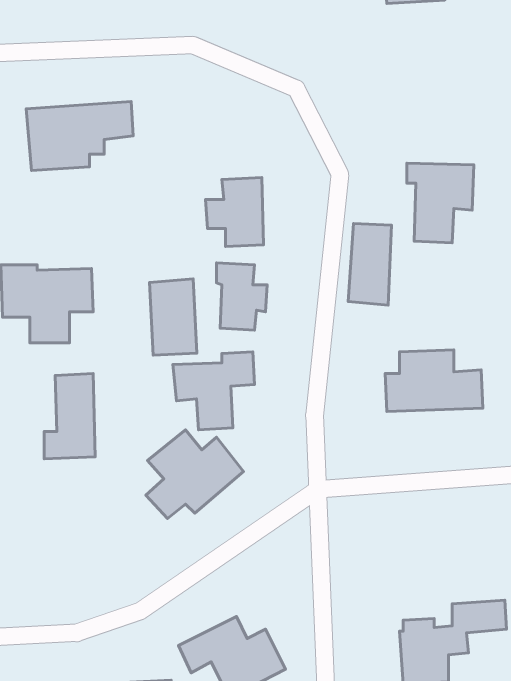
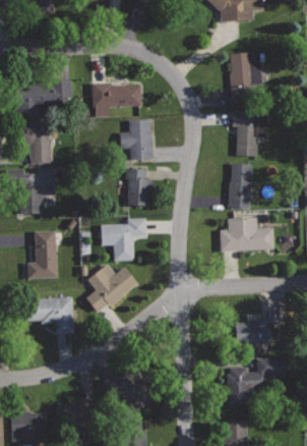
building: none -> [229,51,263,99]
building: none -> [94,82,141,117]
building: [348,223,392,305] -> [228,163,252,209]
building: [150,279,197,355] -> [26,121,53,164]
building: none -> [25,298,73,333]
building: none -> [236,311,279,343]

